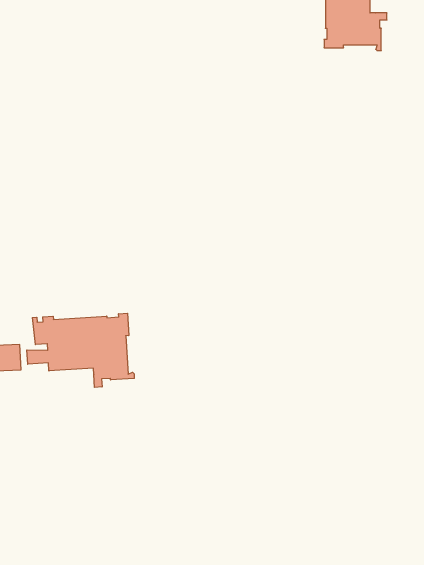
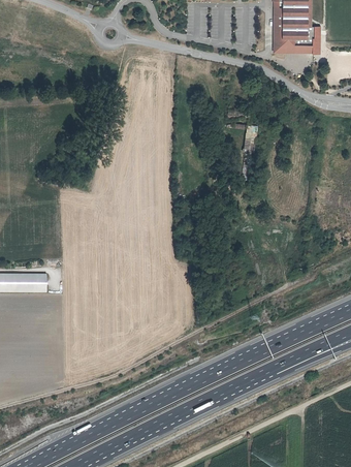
building: [27,313,134,387] -> none

